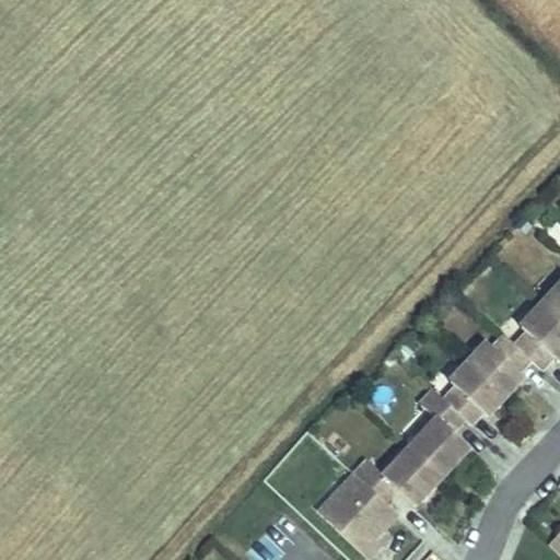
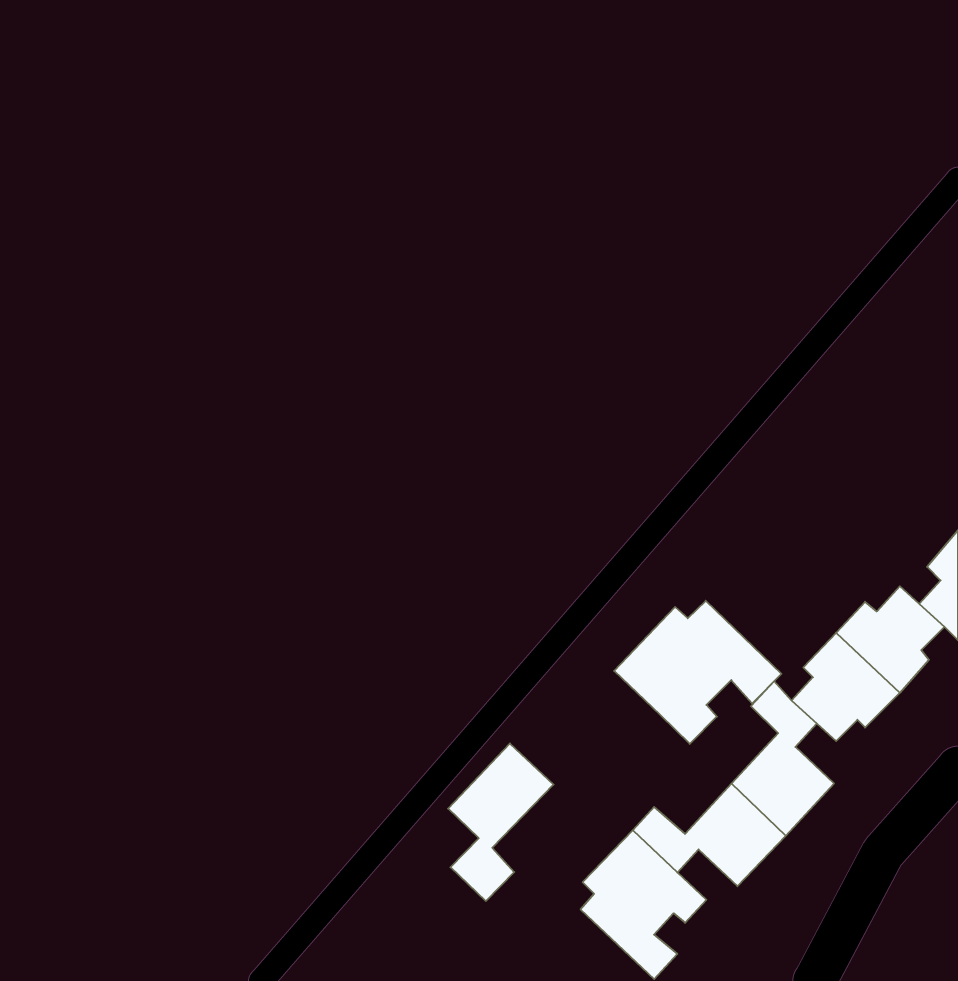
building: none -> [614,601,781,744]
building: none -> [448,743,554,901]

